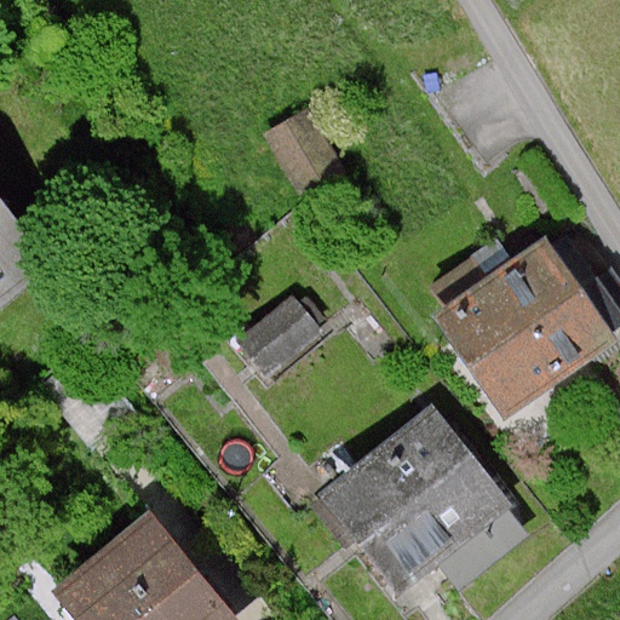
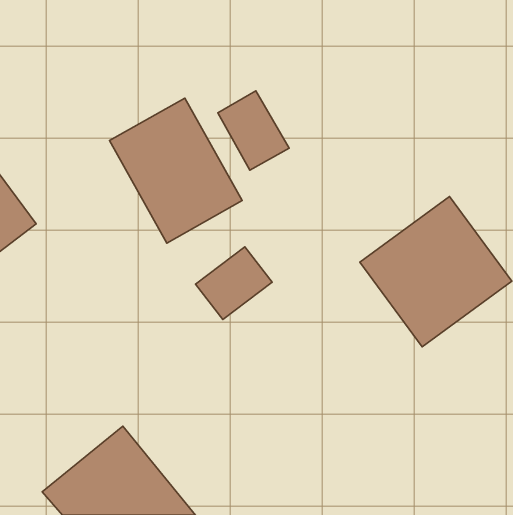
building: none -> [109,98,242,243]
building: [320,406,510,593] -> none

